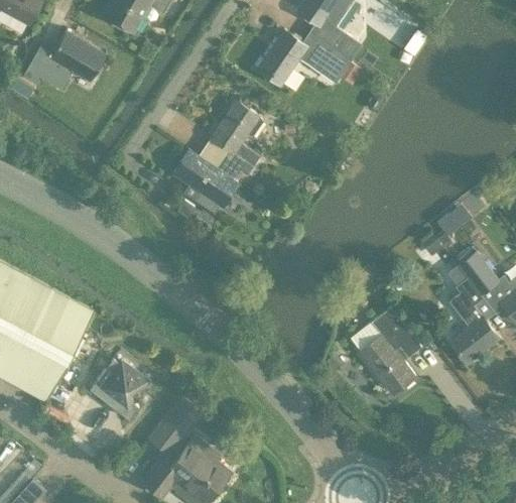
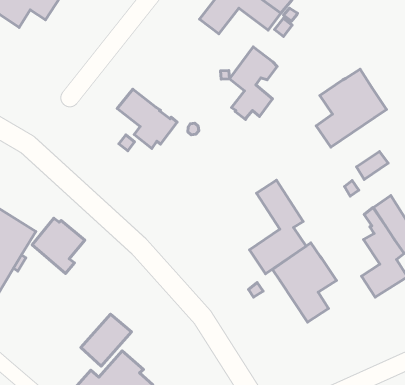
building: [211,101,262,180] -> [229,47,277,119]
building: none -> [316,69,386,147]
building: none -> [249,180,306,274]
building: [90,359,147,418] -> [32,218,85,273]

